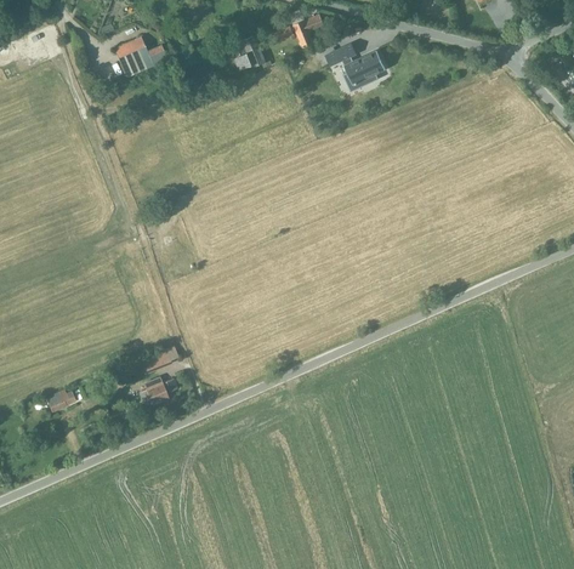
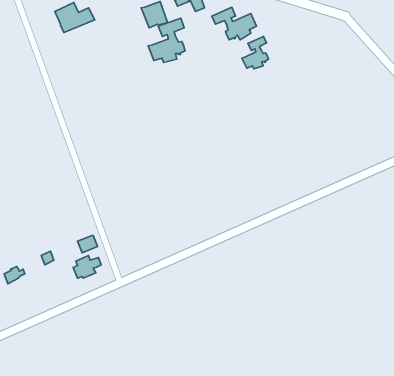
building: none -> [148,18,185,62]
building: none -> [242,36,269,69]

